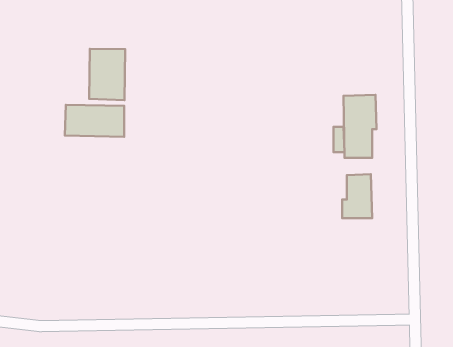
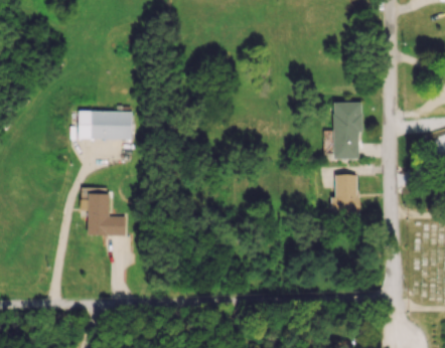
building: [89,49,125,100] -> none
building: none -> [88,192,126,234]

